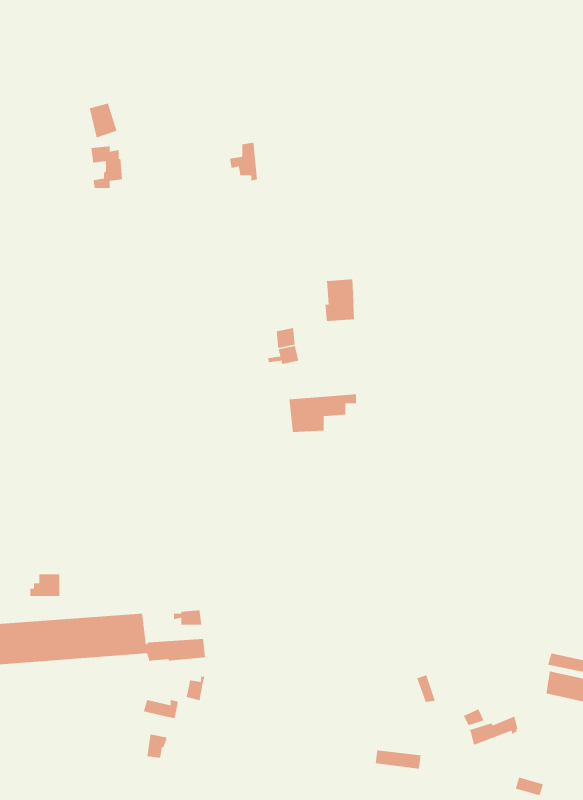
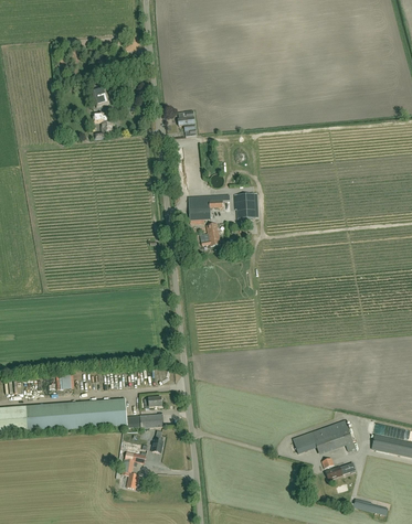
building: [289,393,357,433] -> [188,194,230,218]
building: none -> [311,420,355,455]

